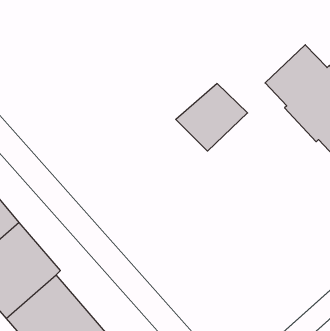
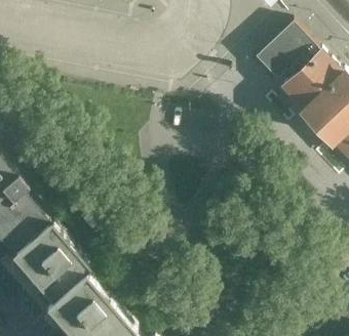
building: [176,84,248,151] -> [253,27,320,90]

